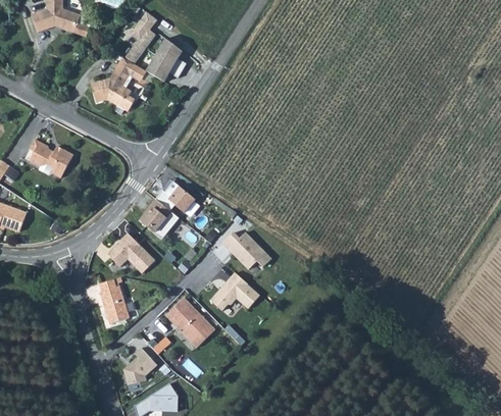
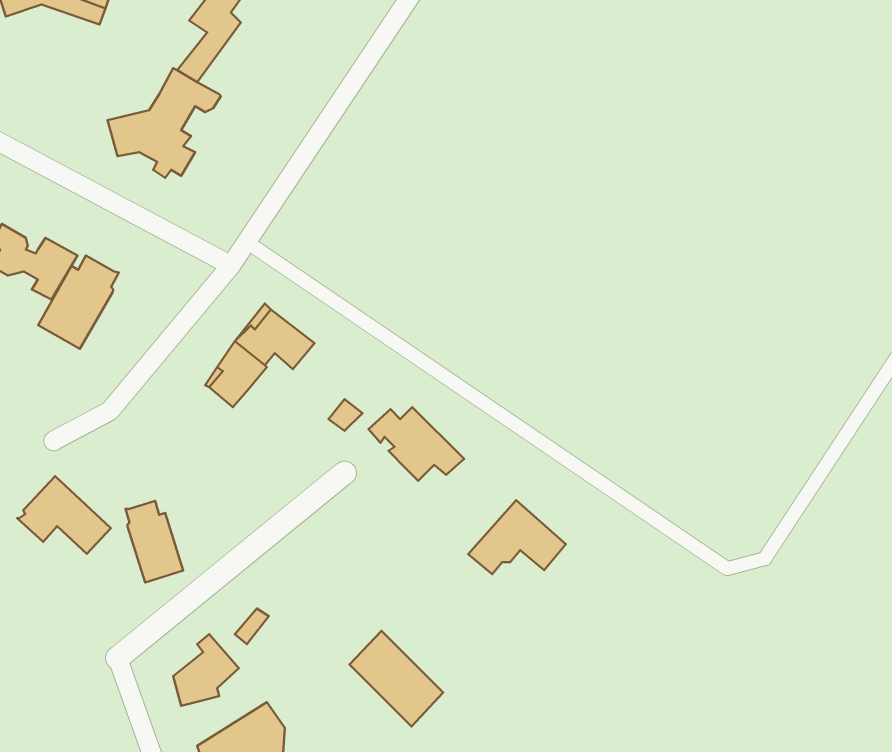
building: [146,39,186,82] -> none
building: none -> [38,255,119,349]
building: [107,232,155,272] -> [17,476,111,554]
building: [209,272,259,310] -> [468,500,566,574]
building: [165,298,213,347] -> [350,631,443,726]

